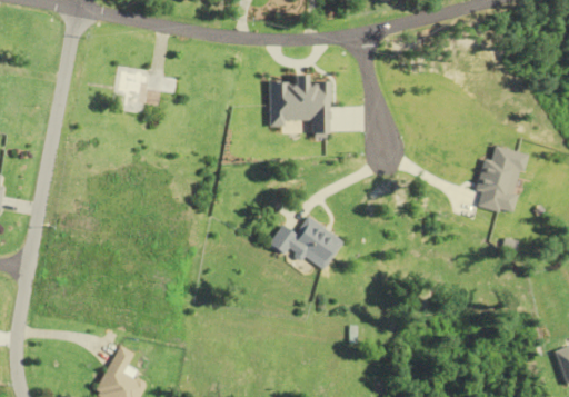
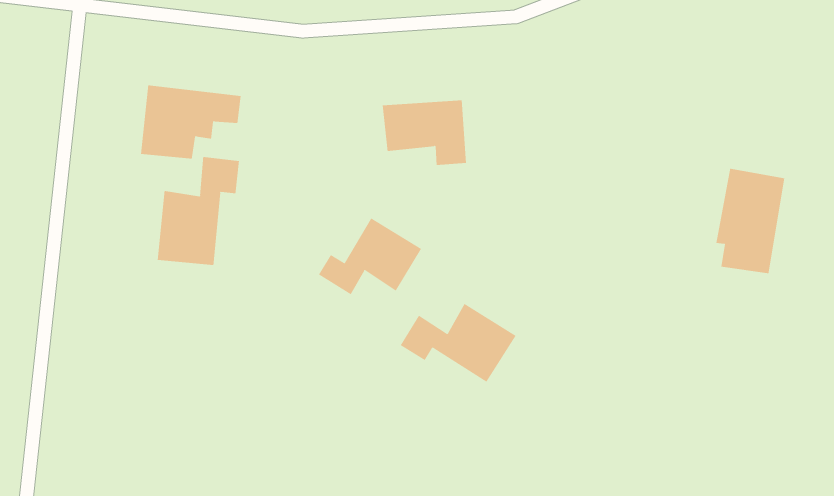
building: none -> [157,156,240,266]
building: none -> [318,218,422,295]

